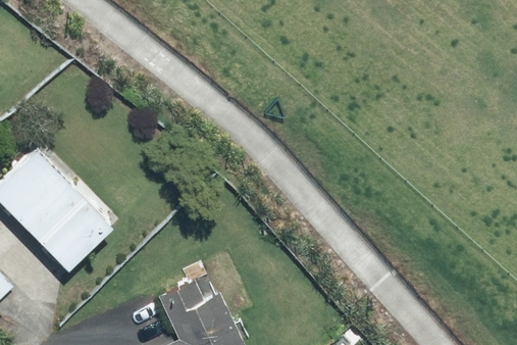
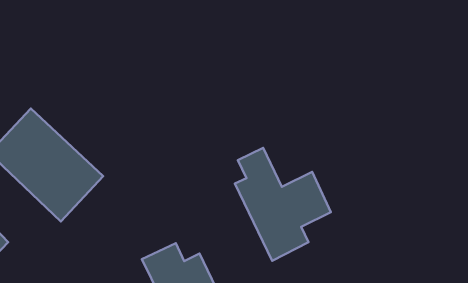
building: none -> [235,148,331,261]

